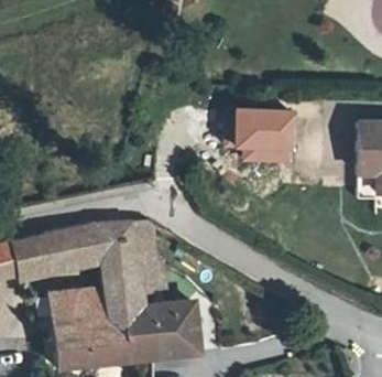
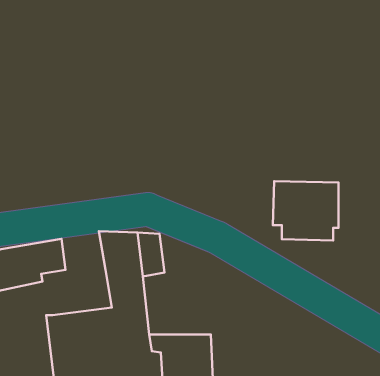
building: [244,109,301,160] -> [273,181,338,241]
building: [70,220,108,260] -> none

